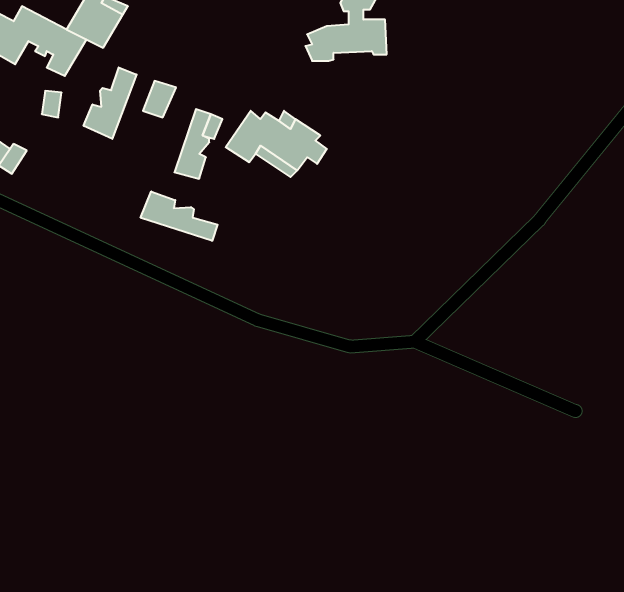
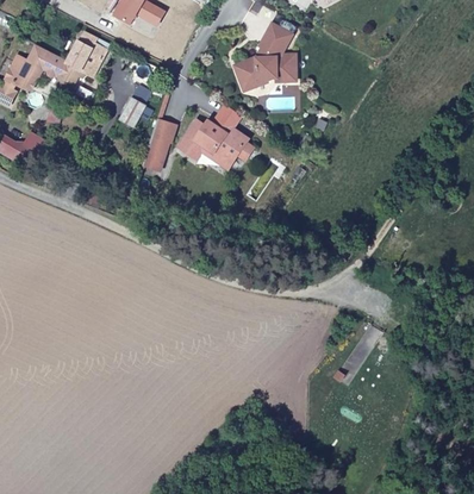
building: [84,67,137,139] -> none
building: [141,191,218,241] -> none

